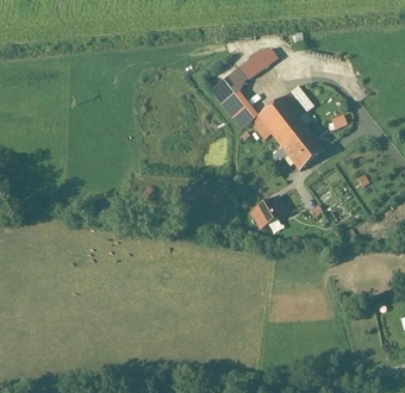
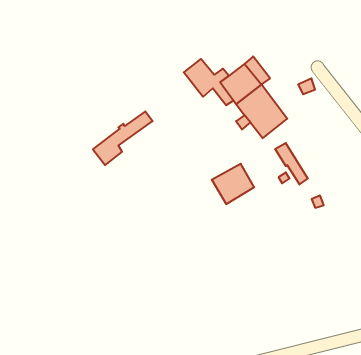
building: [210,54,268,106] -> [93,111,153,165]

